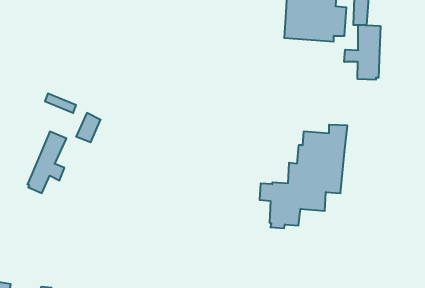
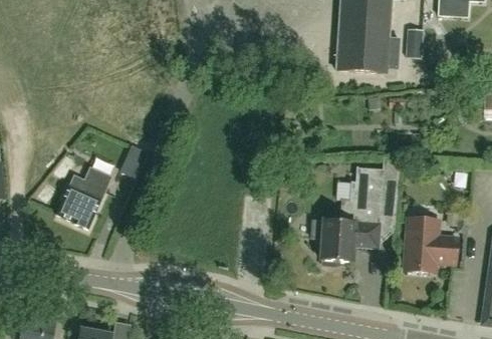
building: [344,25,380,80] -> none
building: none -> [56,185,84,220]
building: none -> [405,216,457,271]

